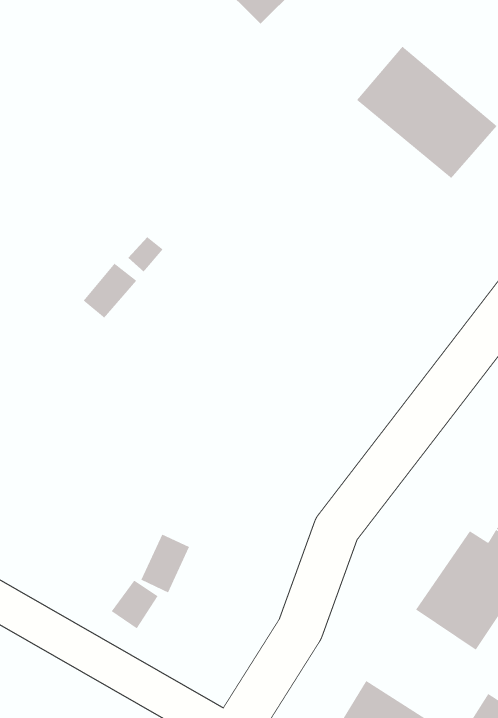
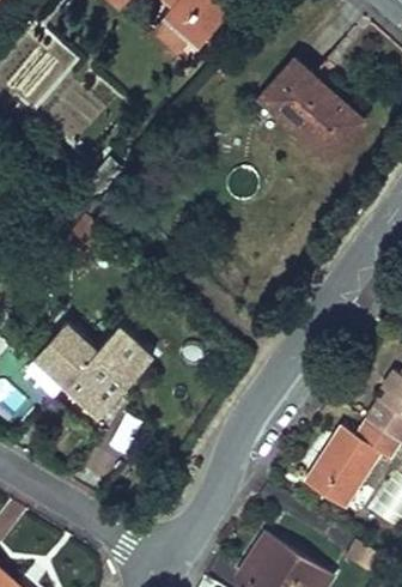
building: none -> [35,325,154,418]

